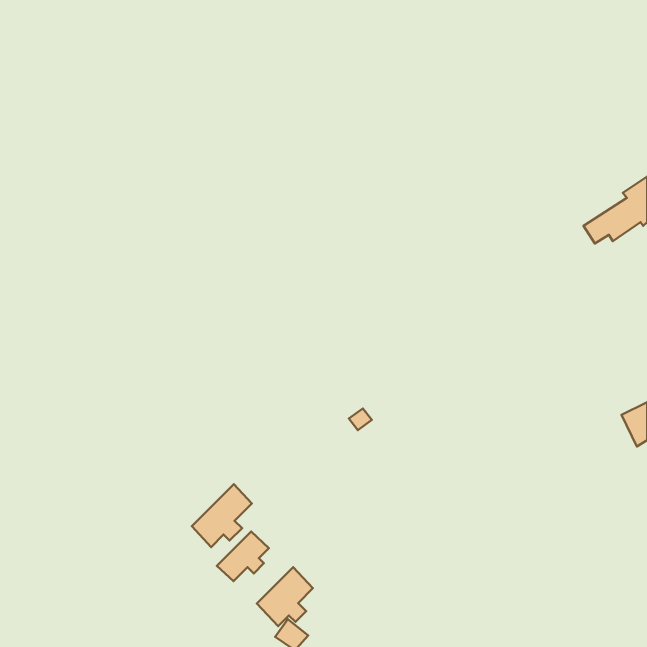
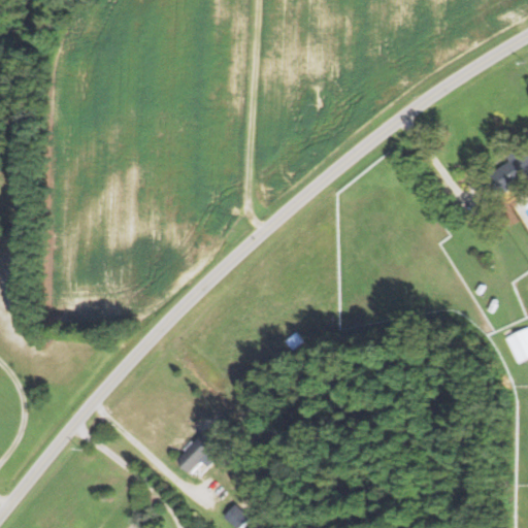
building: [192,484,252,547] -> none
building: [257,567,313,626] -> none

